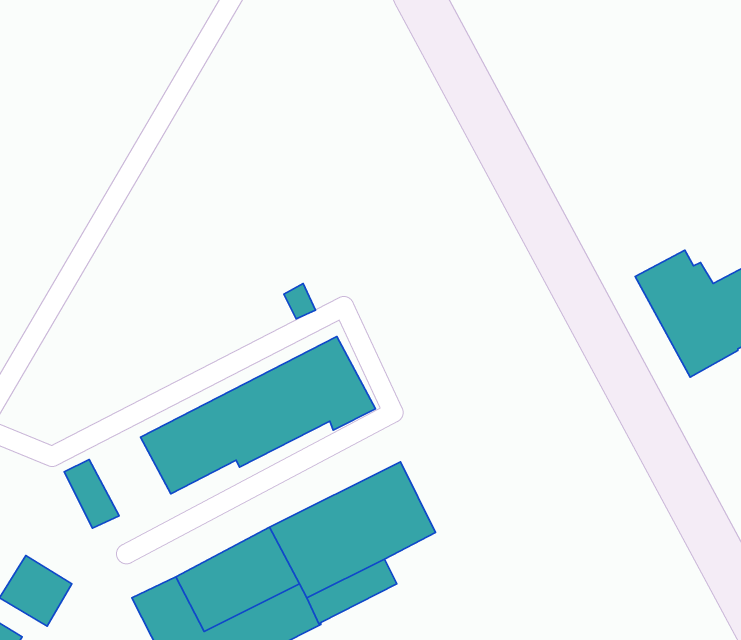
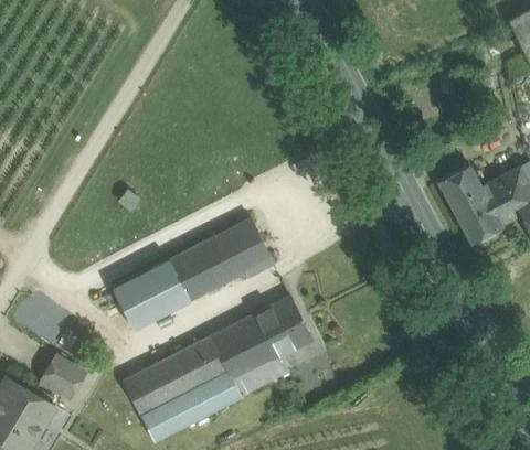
building: [64,459,119,528] -> [113,281,147,324]

